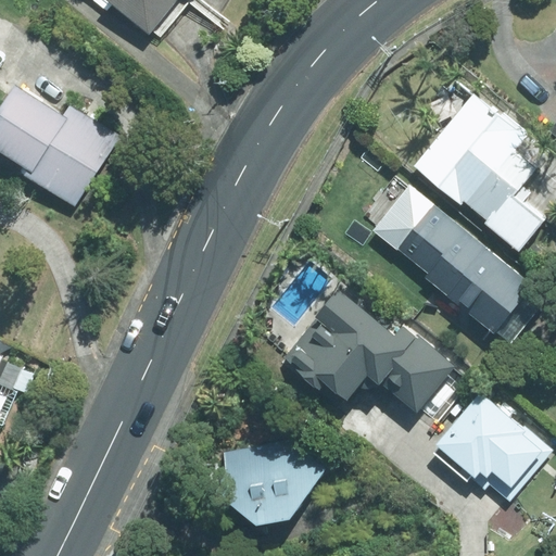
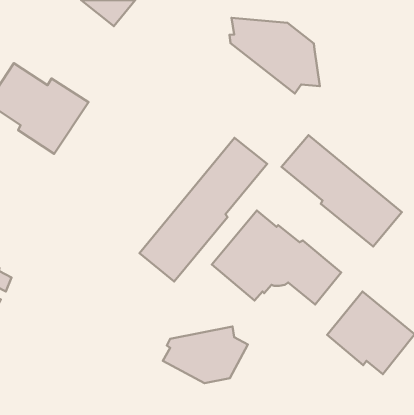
building: none -> [229,18,320,94]
building: [413,94,544,250] -> none
building: none -> [140,138,267,281]

